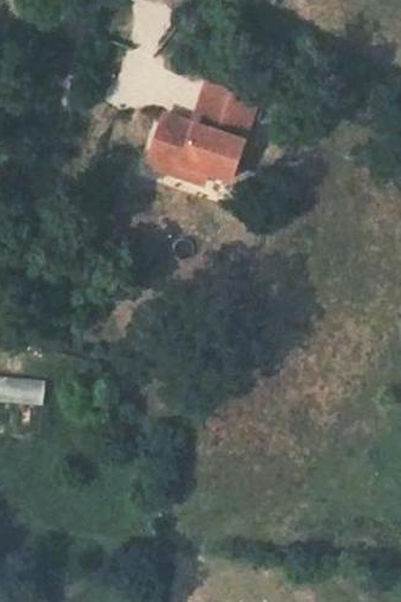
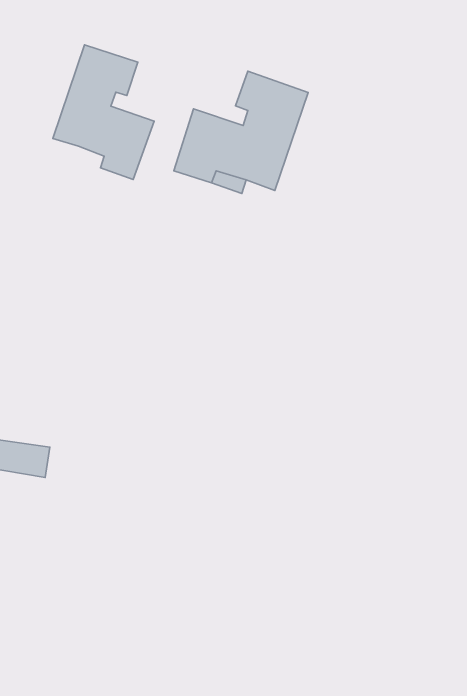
building: none -> [53,45,154,180]

